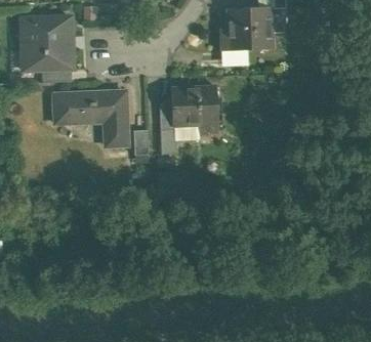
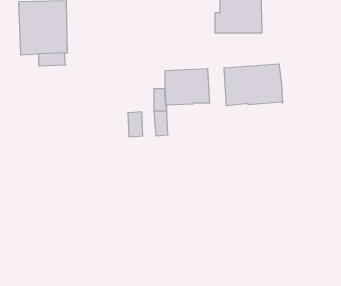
building: none -> [224,64,283,106]
building: [53,92,126,146] -> none

